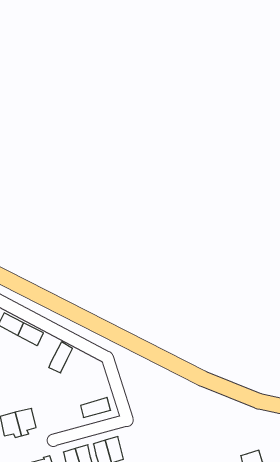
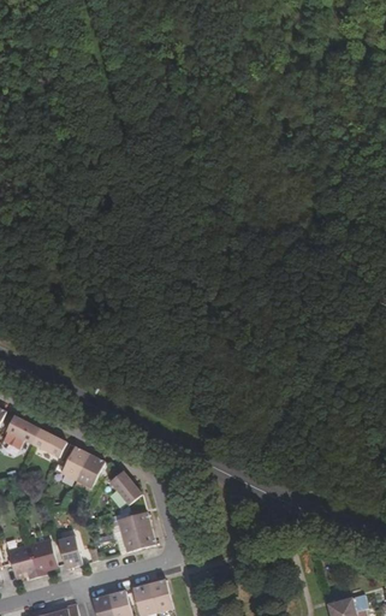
building: none -> [61,445,90,480]
building: none -> [109,470,142,504]
building: none -> [111,511,150,537]
building: none -> [58,534,82,568]

